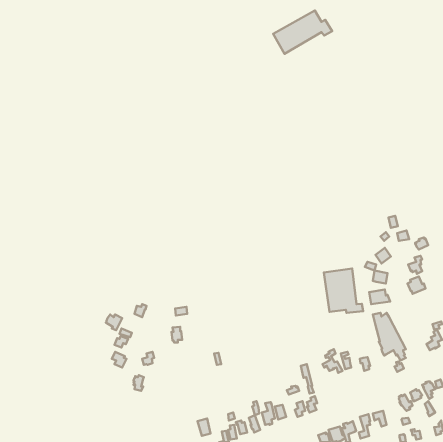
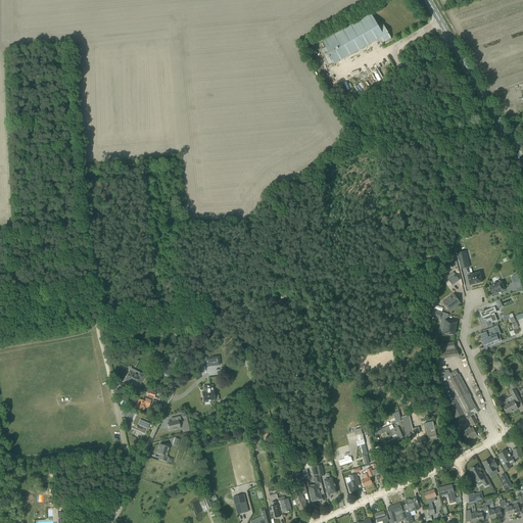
building: [324,268,363,313] -> none

